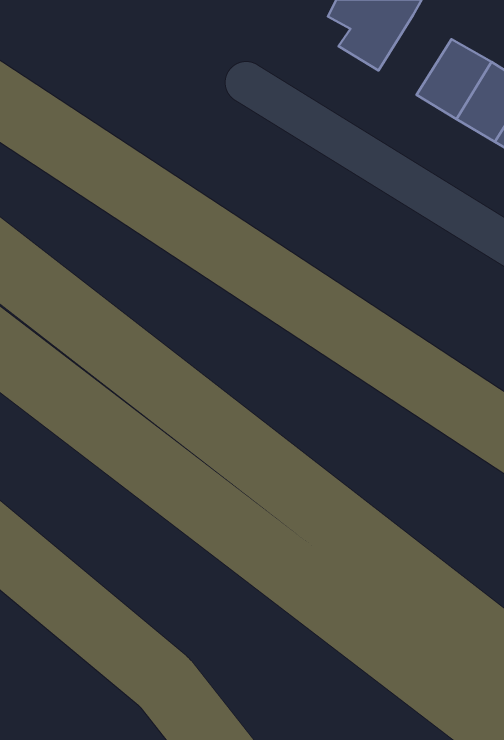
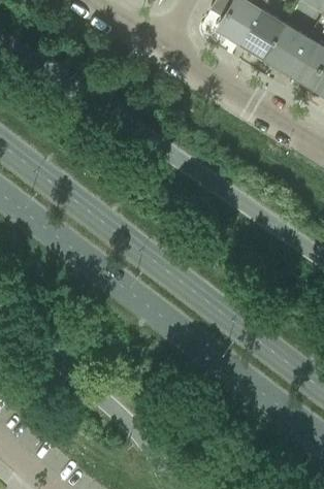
building: none -> [239,10,283,58]

